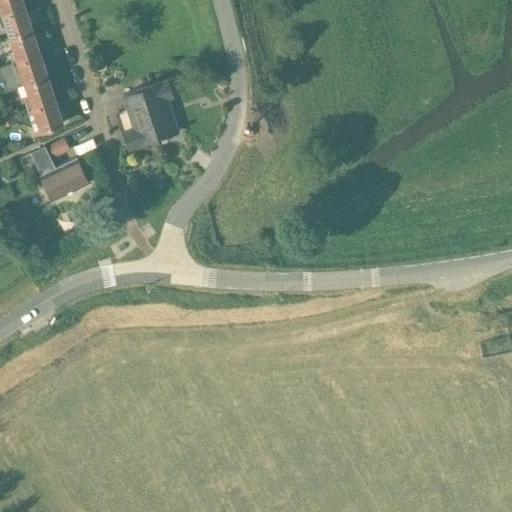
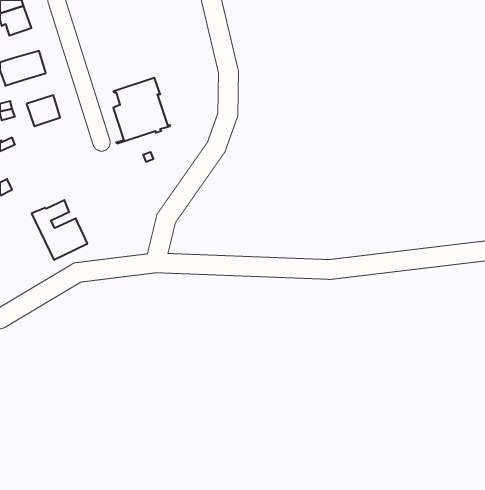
building: [11,31,42,63] -> none
building: [26,78,57,110] -> none
building: [31,139,89,201] -> [32,200,87,260]

